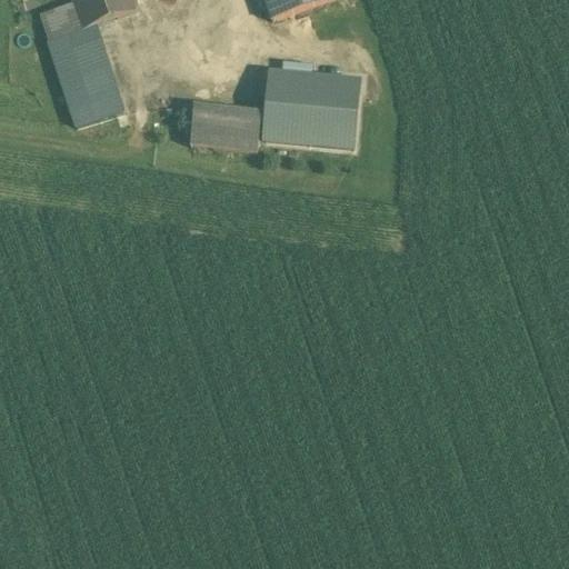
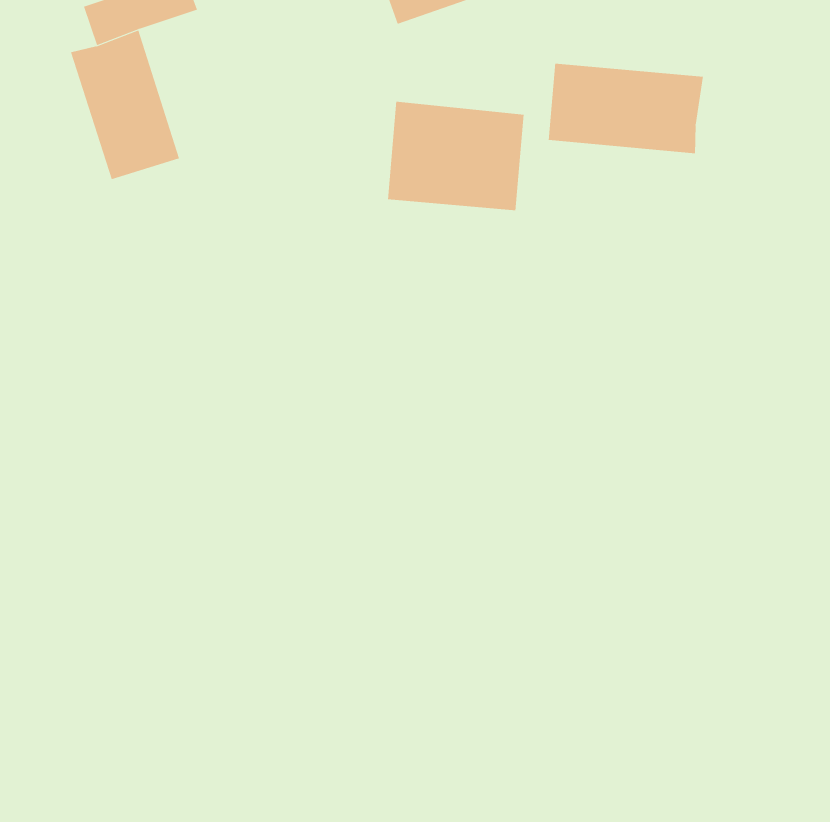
building: none -> [548,63,704,154]
building: [189,101,259,148] -> none

